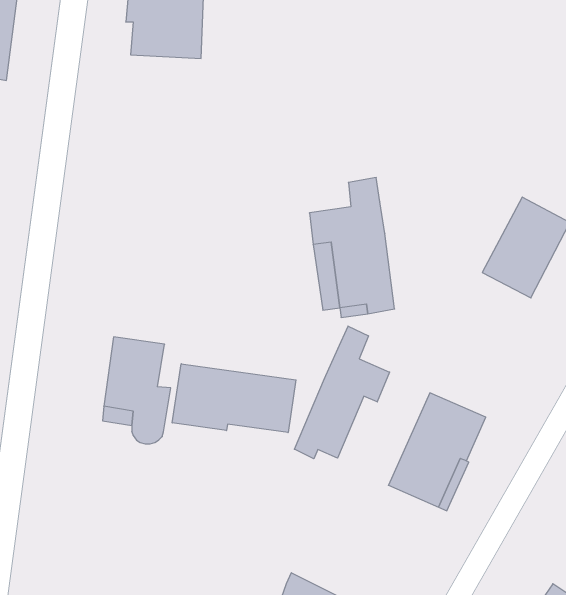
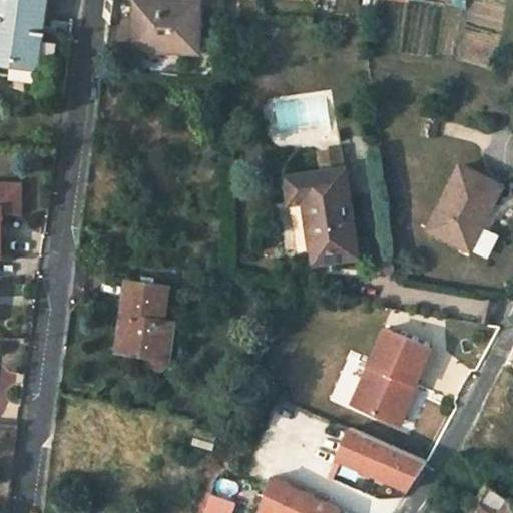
building: [294,326,390,459] -> none
building: [172,364,296,433] -> none
building: none -> [336,428,427,490]

